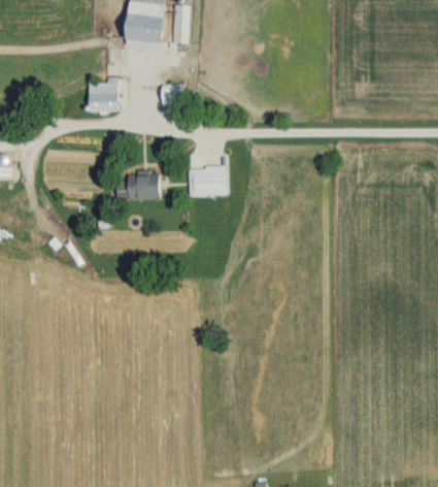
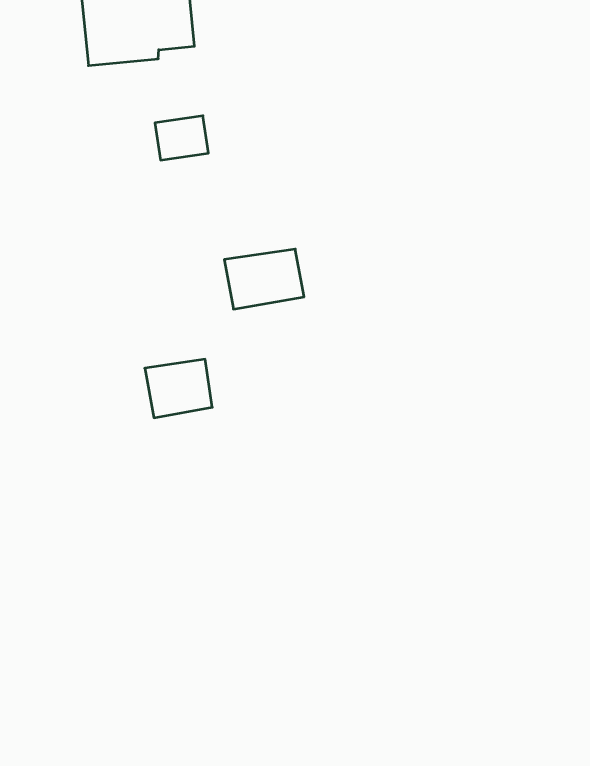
building: [88,80,117,111] -> none
building: [127,171,162,200] -> [145,359,212,418]

